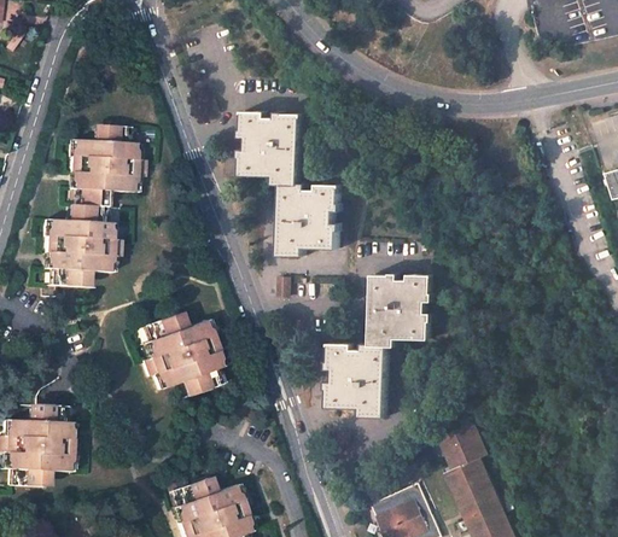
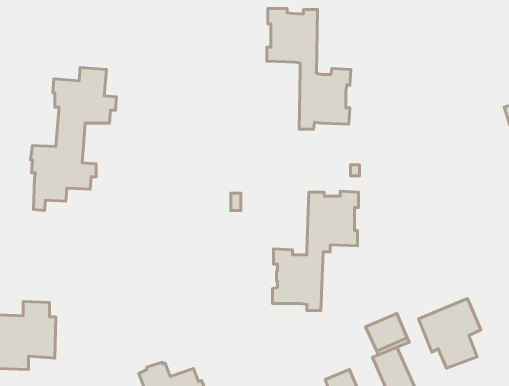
building: [239,112,339,256] -> [267,9,351,129]
building: [141,314,222,397] -> none
building: none -> [418,298,481,368]

